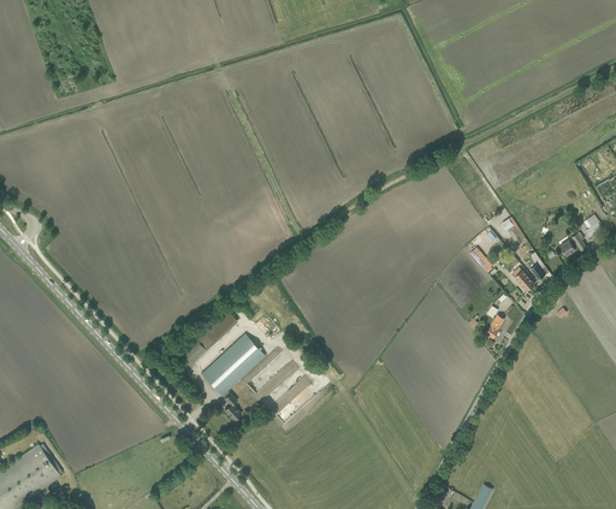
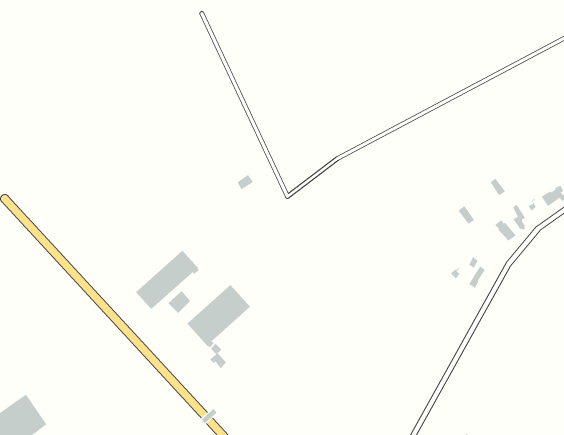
building: none -> [135,250,200,310]

